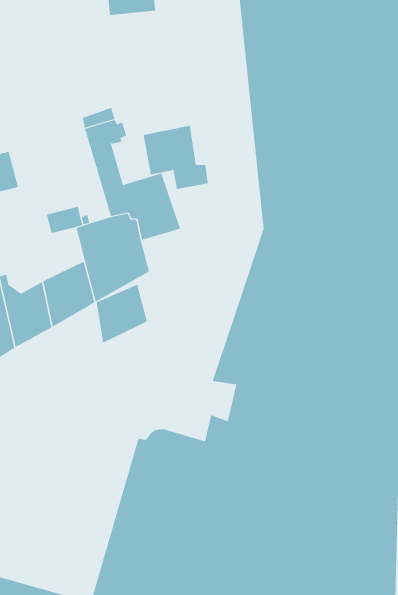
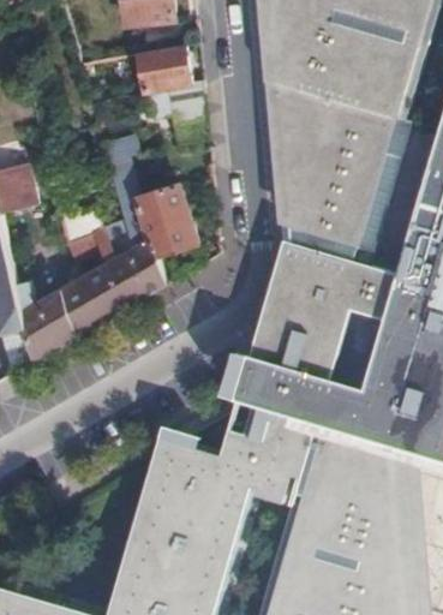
building: [143,125,208,189] -> [134,43,200,108]
building: [96,284,147,343] -> none

